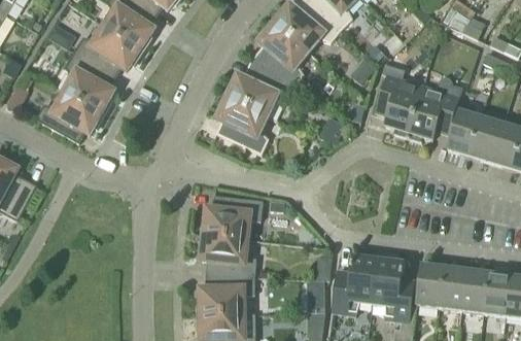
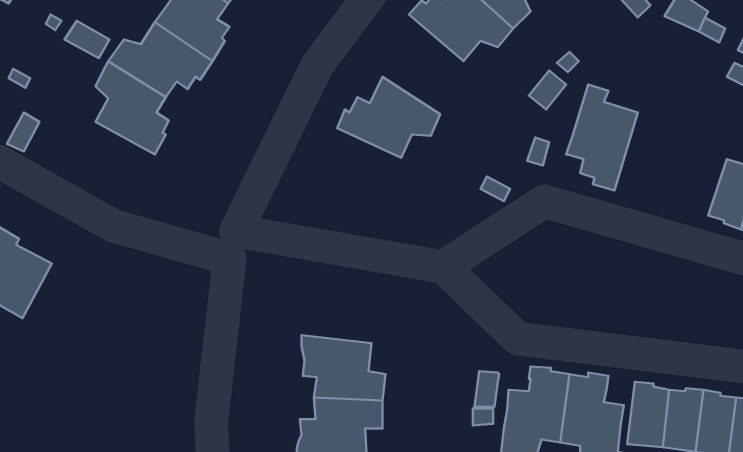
building: [254,20,308,86] -> none
building: [408,76,460,140] -> none
building: [36,91,104,139] -> none
building: [217,95,269,154] -> none
building: [447,108,482,152] -> none
building: [201,195,263,237] -> none

